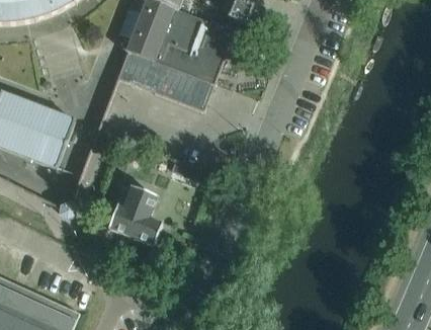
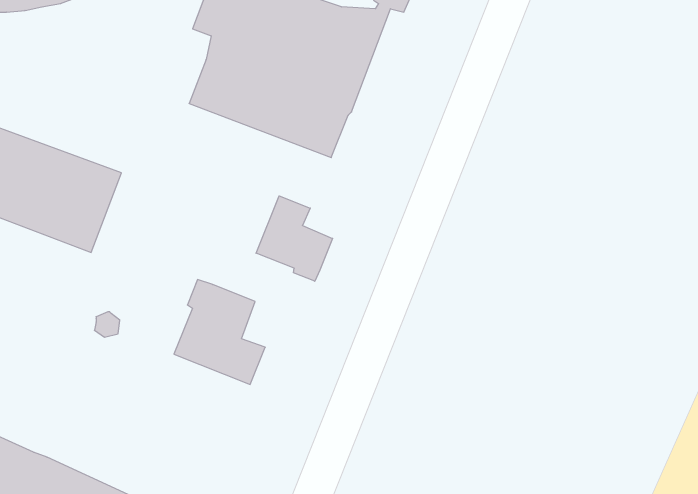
building: none -> [256,196,333,281]

